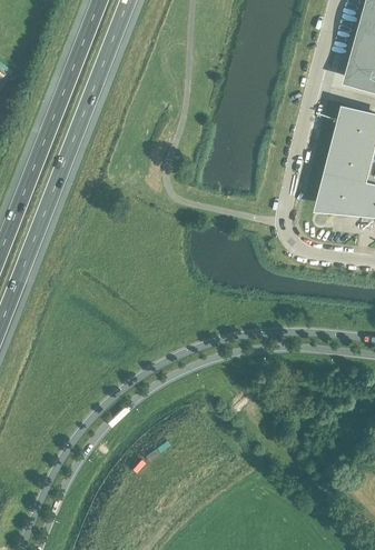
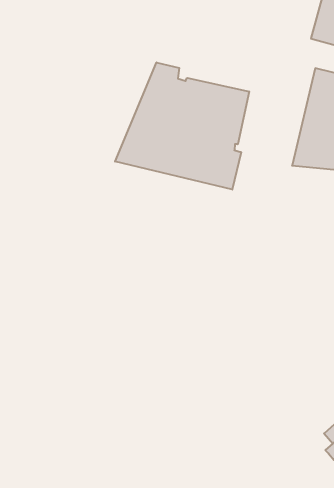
building: none -> [115,62,249,190]

